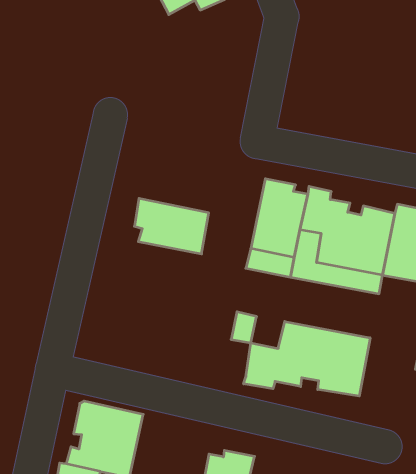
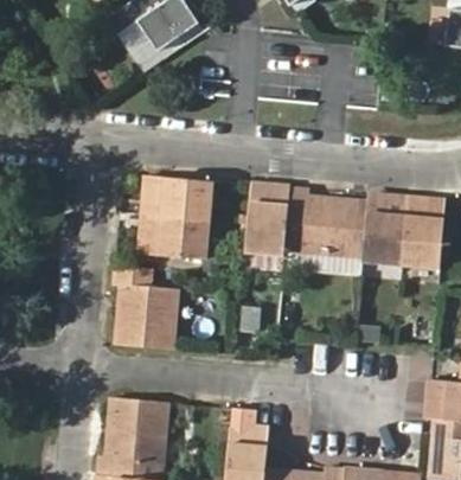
building: none -> [142,175,209,219]
building: none -> [113,265,175,348]
building: [244,321,370,396] -> none

